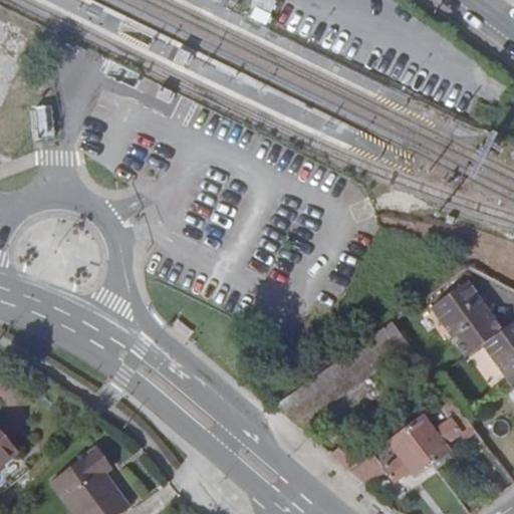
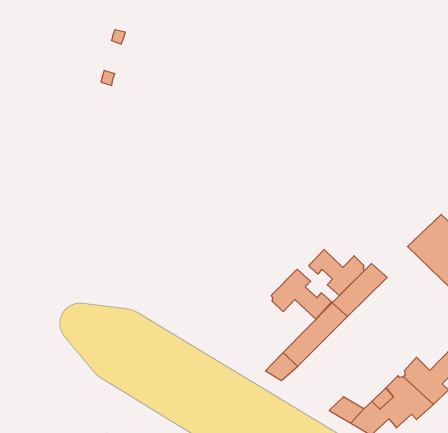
building: none -> [309,249,364,296]
building: none -> [271,269,332,319]

